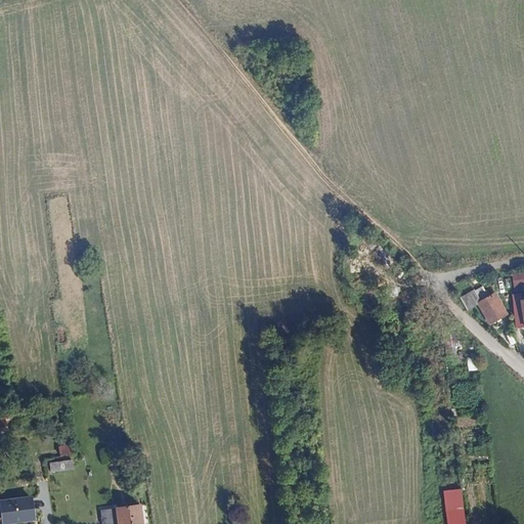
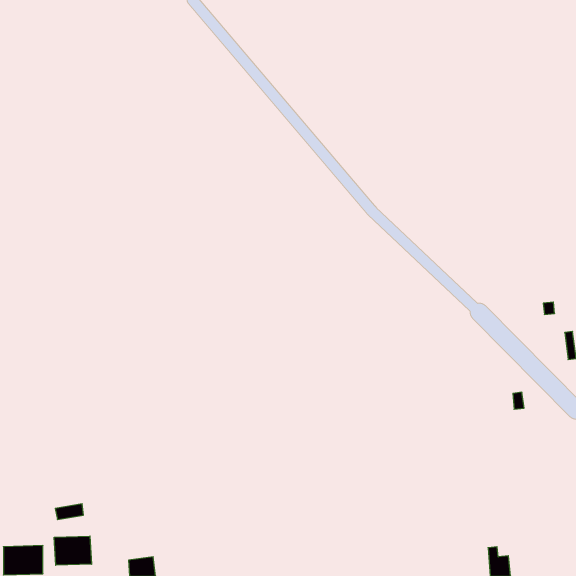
building: [461,291,506,322] -> none
building: none -> [54,536,92,565]

